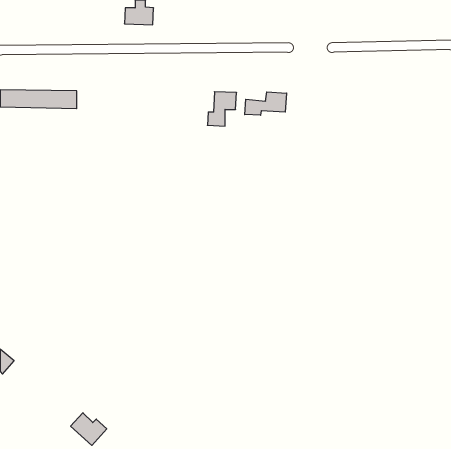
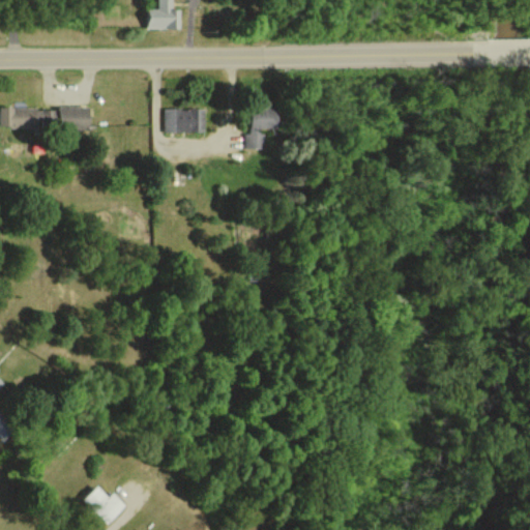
building: none -> [163,109,205,132]
building: [245,92,287,115] -> none

